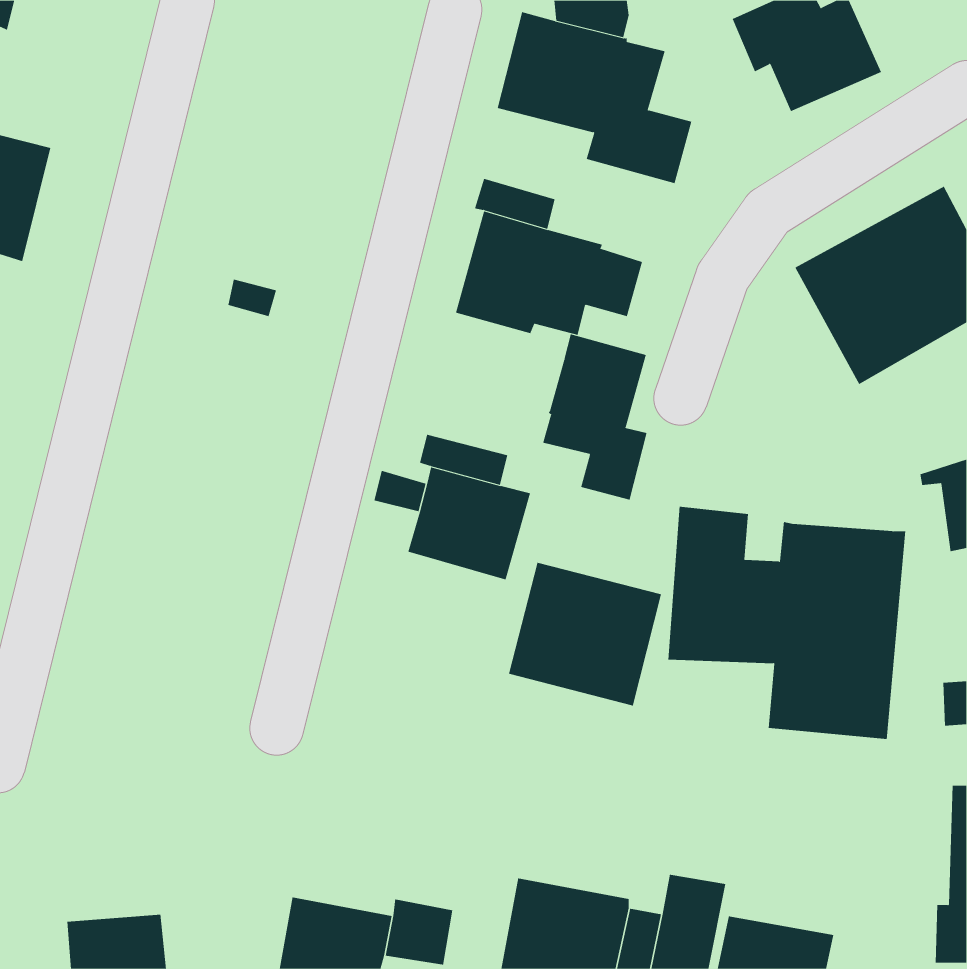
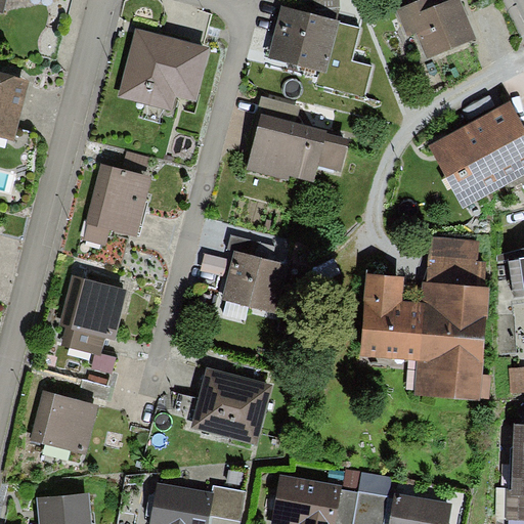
building: none -> [116,27,210,113]
building: none -> [83,163,152,246]
building: [542,334,647,500] -> none
building: none -> [428,237,484,287]
building: none -> [59,276,127,354]
building: [508,562,662,706] -> [190,368,273,446]
building: none -> [30,392,97,454]

